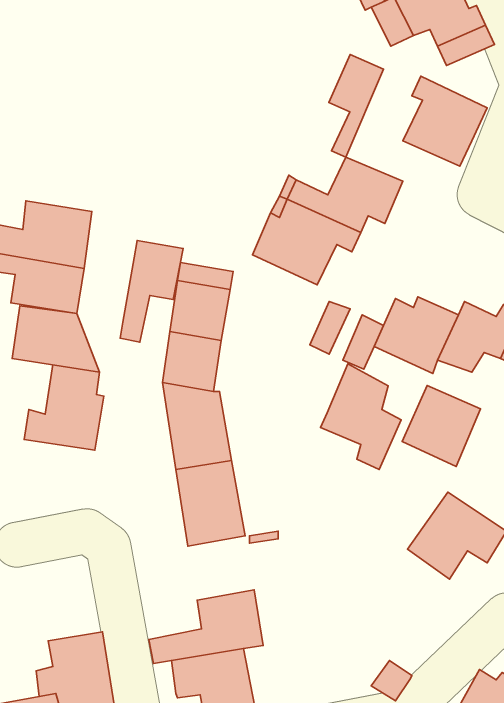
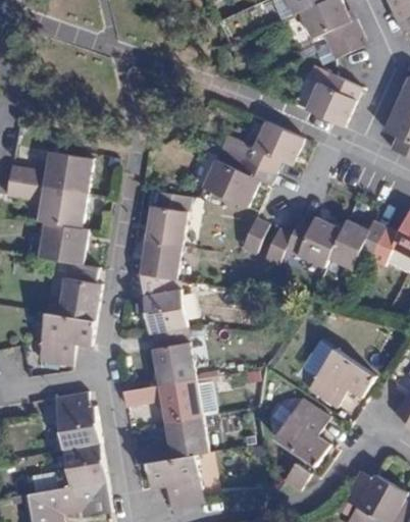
building: [329,54,384,157] -> none
building: [120,241,183,342] -> none
building: [320,364,401,470] -> none
building: [402,386,480,466] -> none
building: none -> [39,313,95,365]
building: none -> [122,378,203,422]
building: none -> [55,392,100,450]
building: none -> [274,397,331,466]

